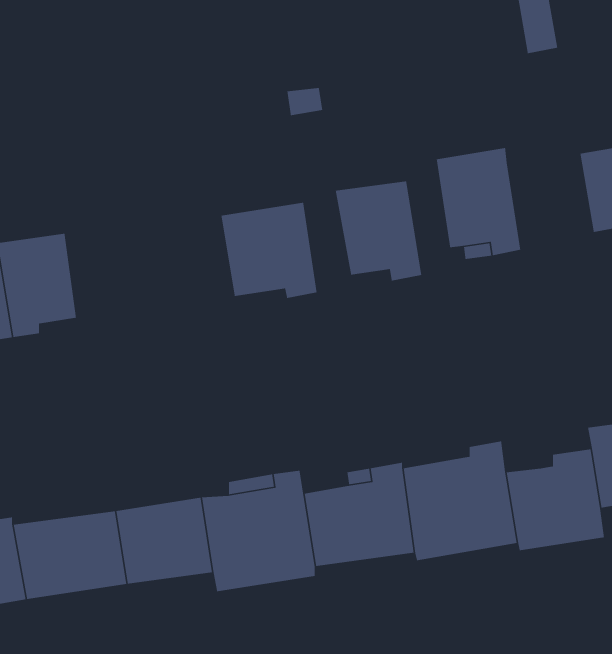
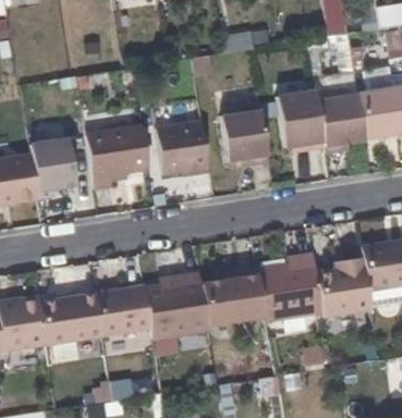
building: none -> [318,94,366,156]
building: none -> [88,126,151,188]

